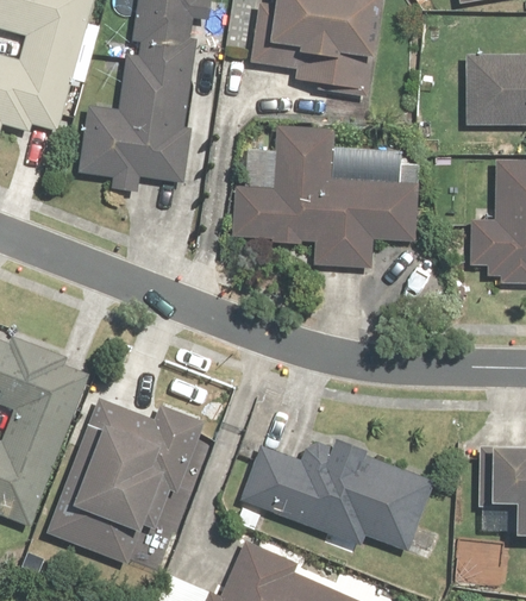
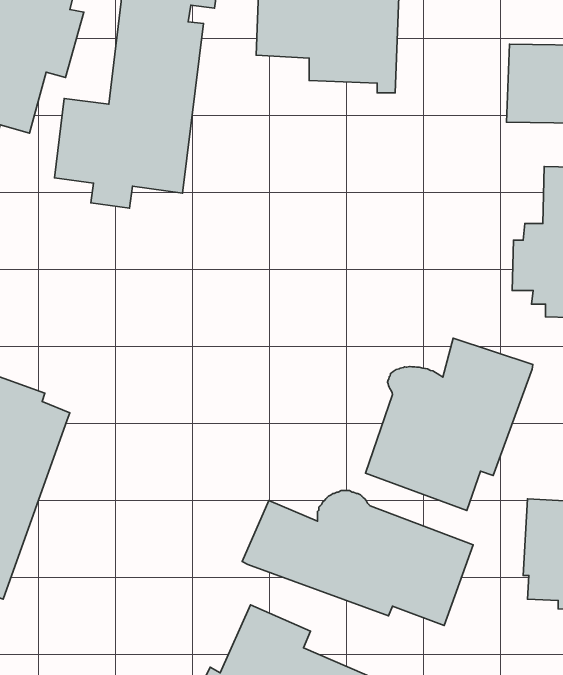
building: [230,123,420,269] -> none
building: none -> [365,338,533,511]
building: [50,386,205,561] -> none

